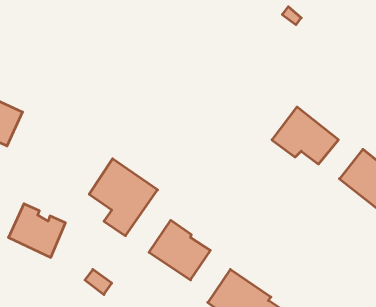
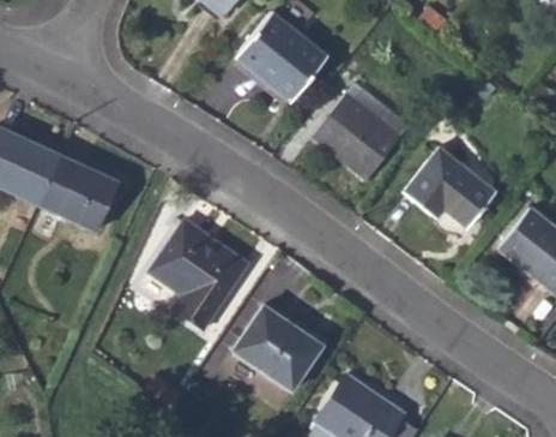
building: none -> [240,13,327,104]
building: none -> [315,84,410,178]
building: [8,204,65,257] -> [37,156,116,231]

